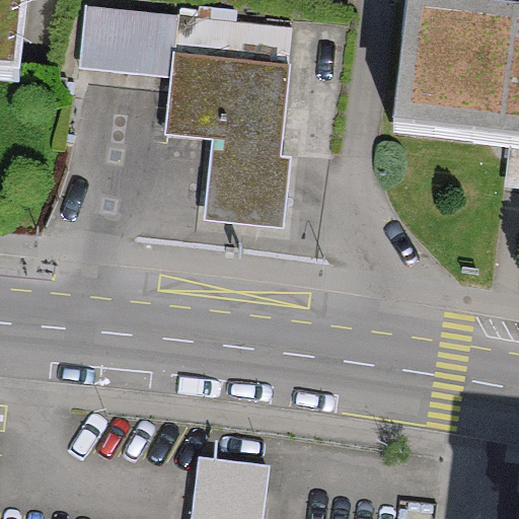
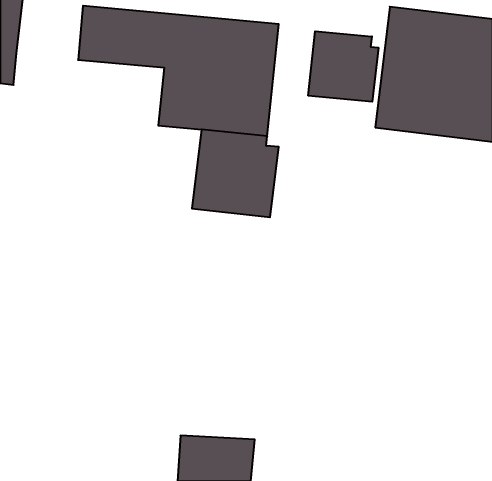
building: none -> [308,31,378,102]

